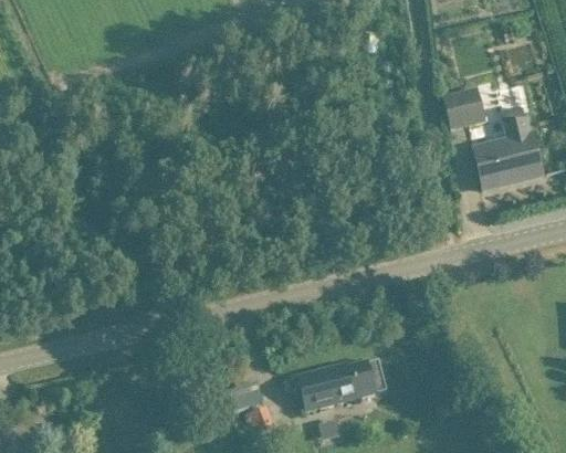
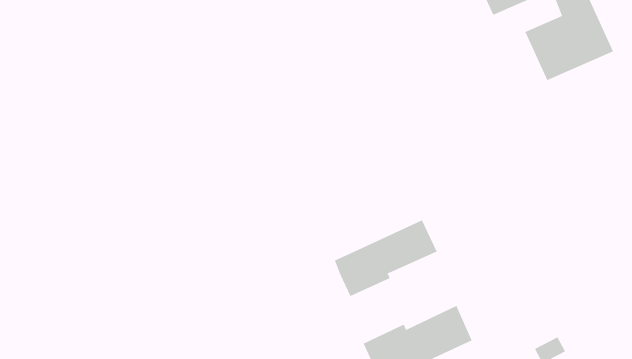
building: none -> [334,220,437,297]

